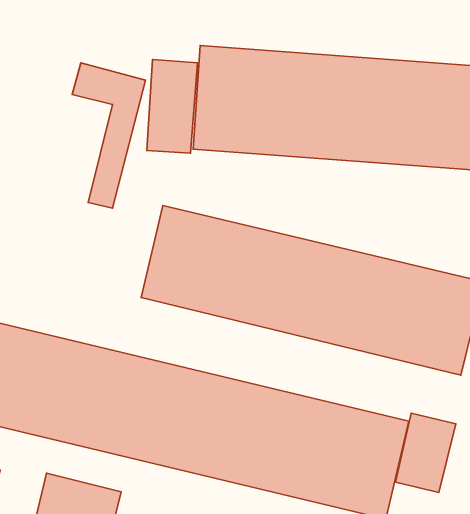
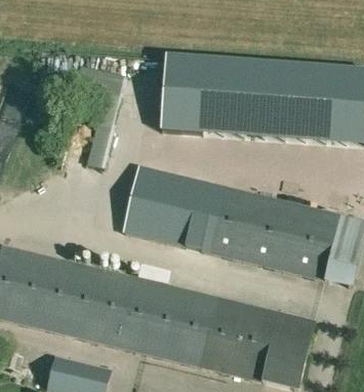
building: [147,60,198,153] -> none
building: [396,413,456,492] -> none

